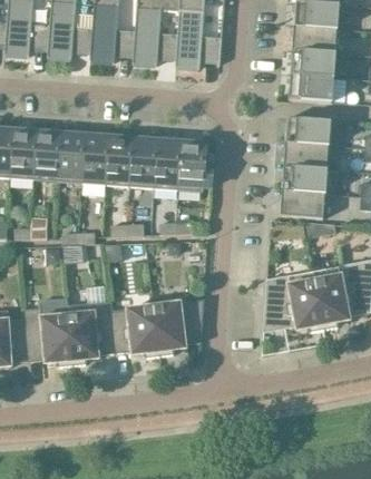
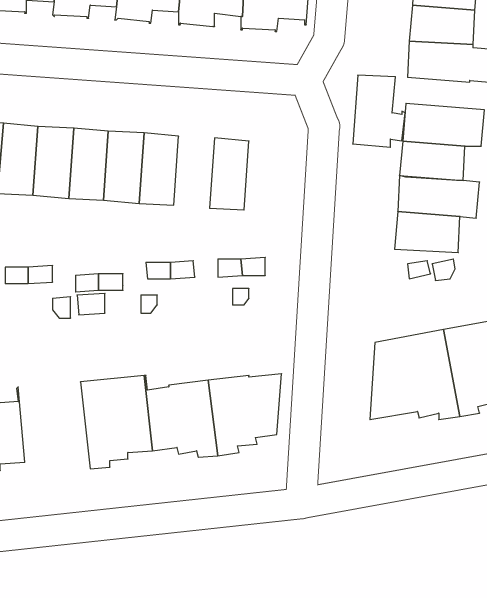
building: [128,138,156,187] -> none
building: [176,141,212,190] -> [353,75,405,147]
building: [22,305,71,365] -> none

